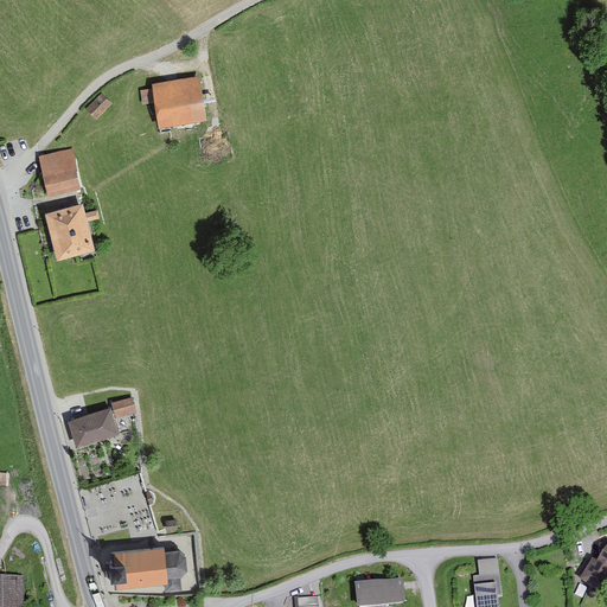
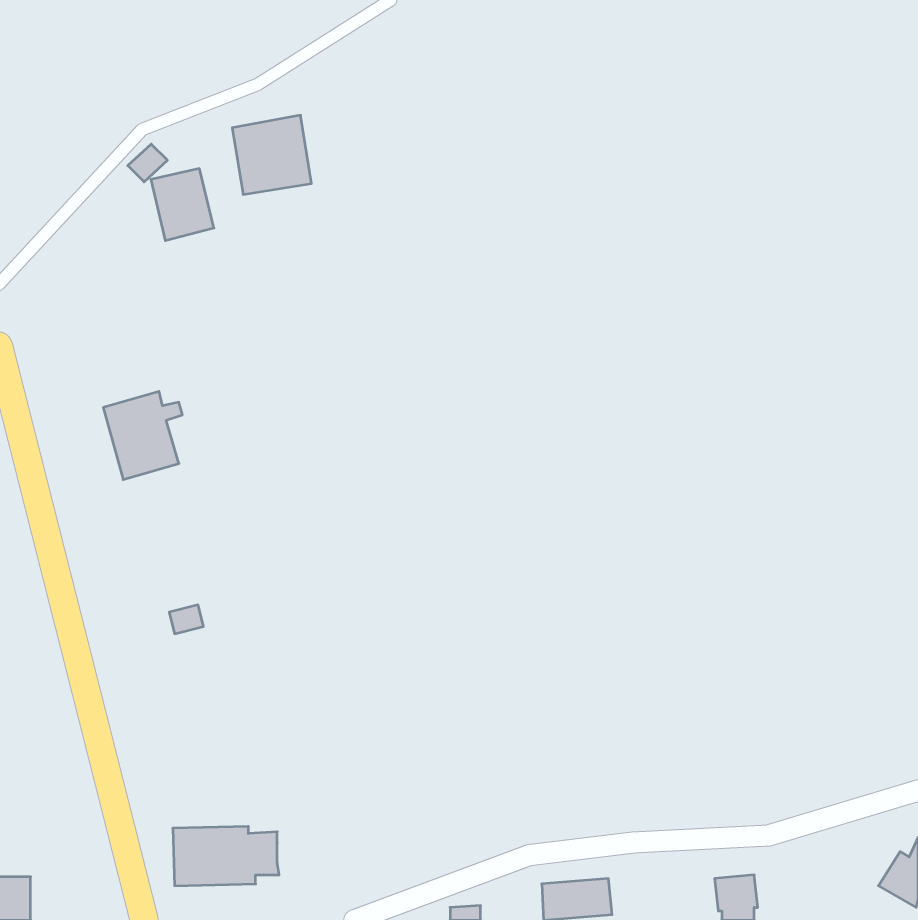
building: [38,149,79,197] -> [151,169,214,241]
building: [45,203,97,261] -> [103,391,182,480]
building: [69,408,117,447] -> none

